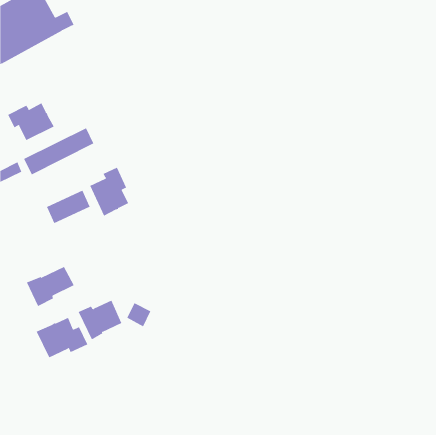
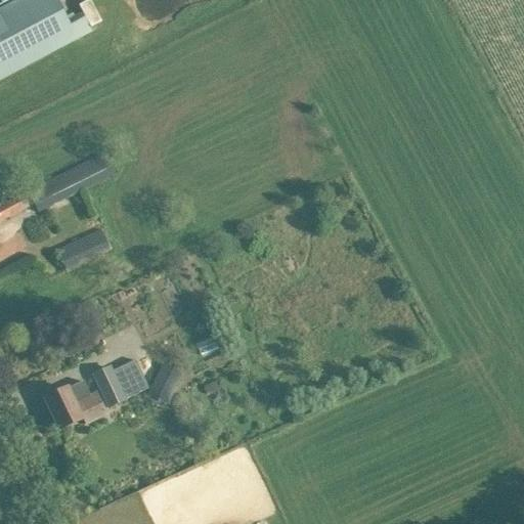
building: [7,103,54,141] -> none
building: [90,167,129,216] -> none
building: [26,266,75,307] -> none

